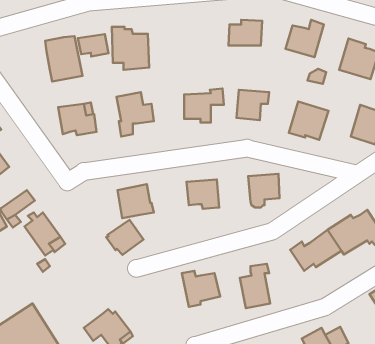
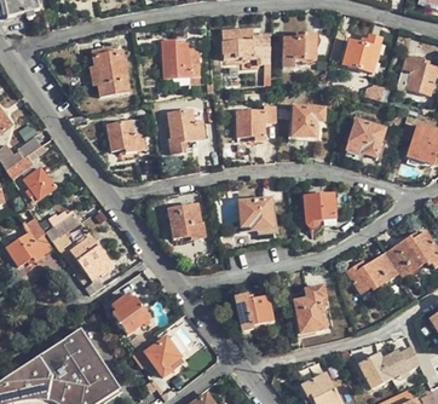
building: none -> [221,29,271,64]
building: [78,34,108,57] -> none
building: [106,220,144,255] -> [110,296,149,333]

